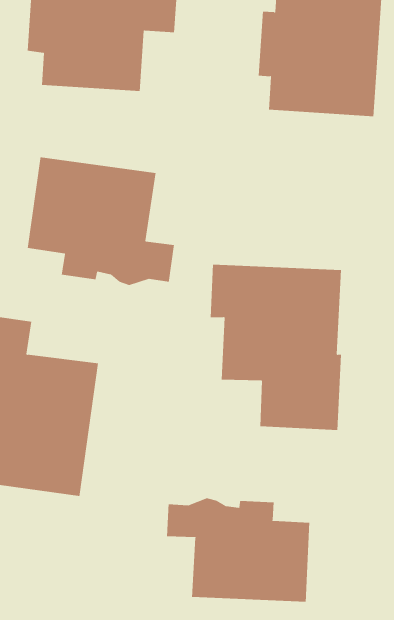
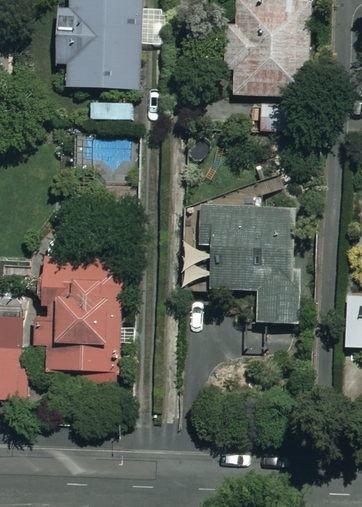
building: [27,156,175,286] -> none
building: [166,498,310,603] -> none

